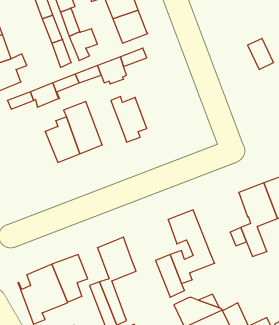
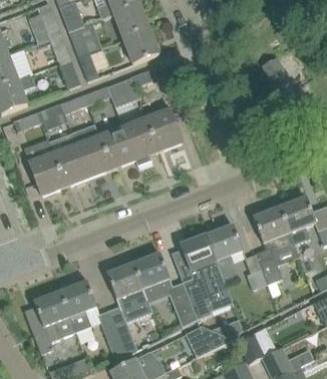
building: none -> [146,104,183,151]
building: none -> [100,122,135,168]
building: none -> [28,153,66,196]
building: none -> [207,226,244,282]
building: none -> [134,254,171,289]

